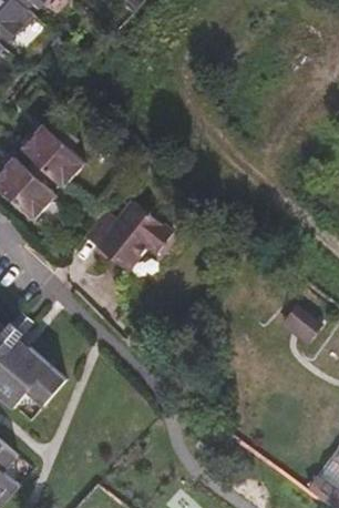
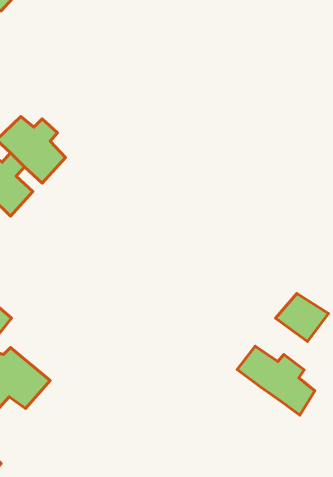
building: [83,200,174,270] -> none
building: none -> [237,346,315,415]

